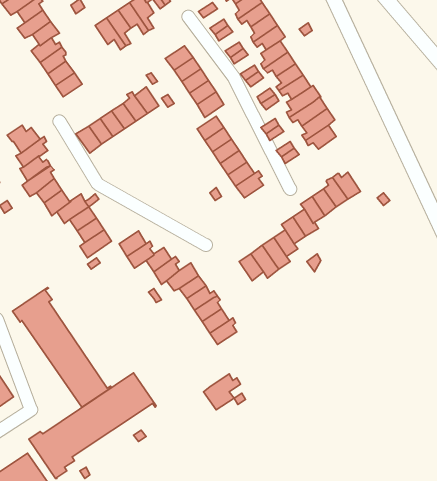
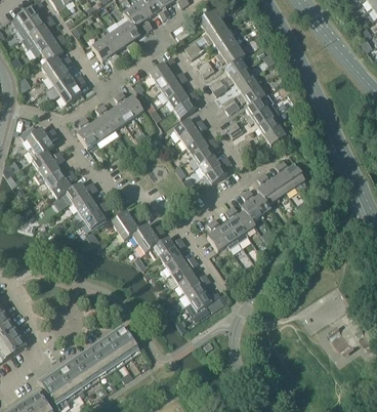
building: [13,288,111,407] -> none
building: [204,374,241,410] -> [184,291,214,320]

